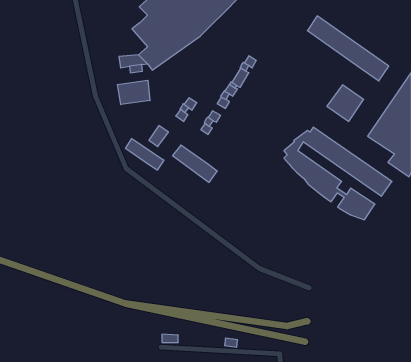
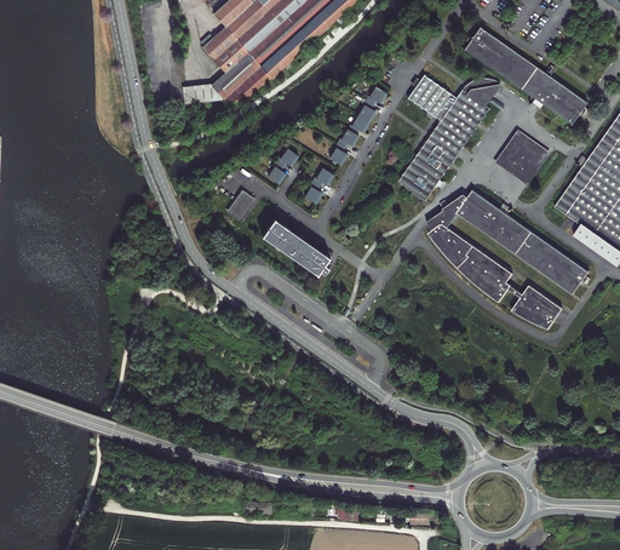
building: none -> [398,74,501,197]
building: [117,80,150,105] -> none
building: [126,139,164,170] -> none

